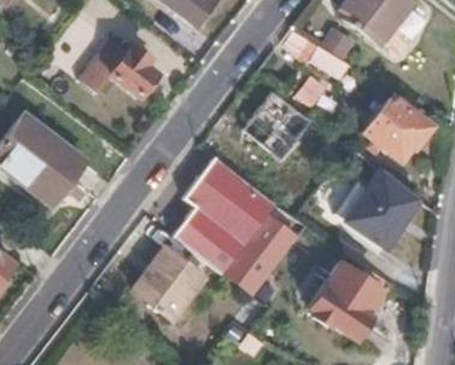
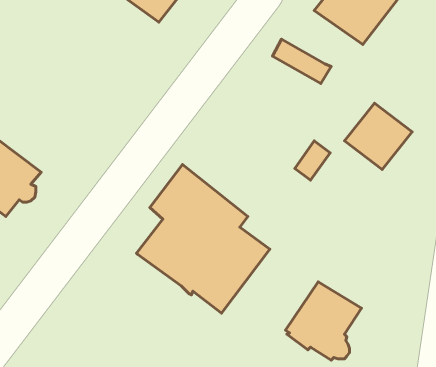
building: [77,41,156,98] -> none
building: [241,94,309,162] -> none
building: [351,172,425,248] -> none
building: [133,241,212,321] -> none

